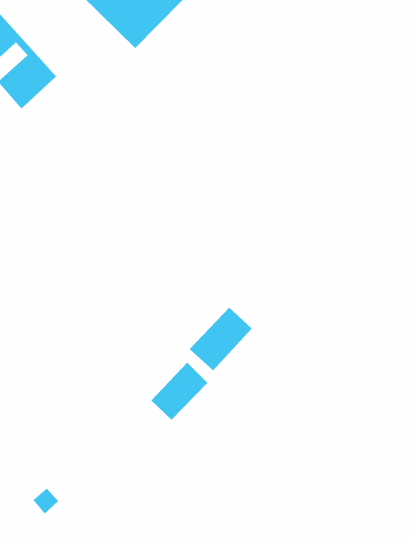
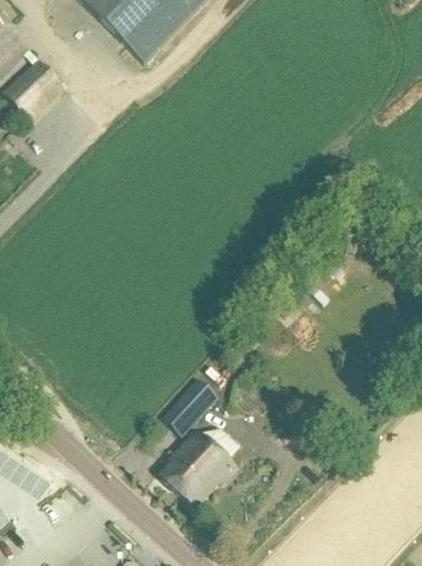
building: [189,307,252,371] -> none
building: none -> [158,430,234,507]

